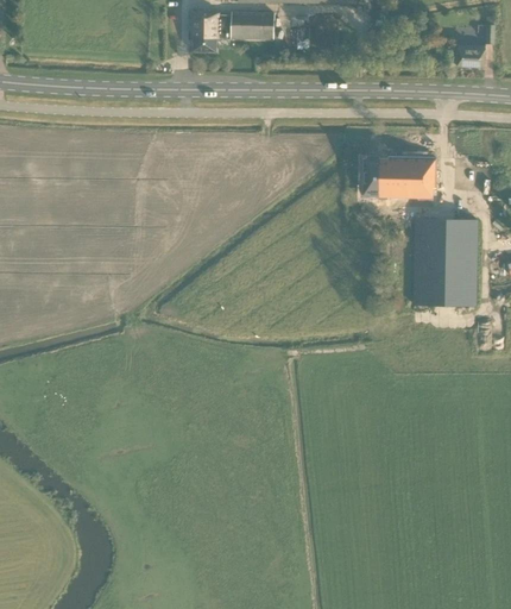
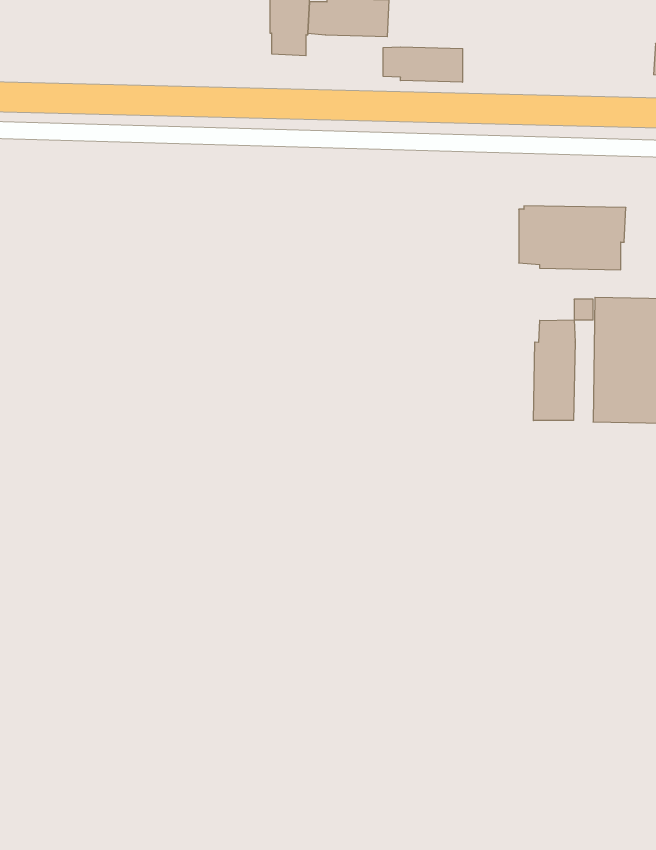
building: none -> [383,47,463,82]
building: none -> [533,320,575,421]

